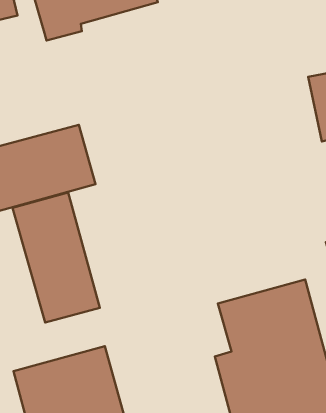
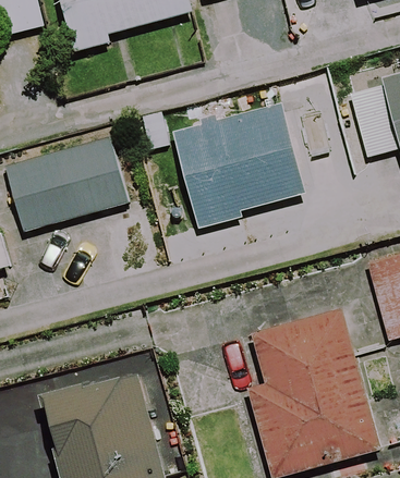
building: none -> [168,102,298,225]
building: [13,193,100,323] -> none

